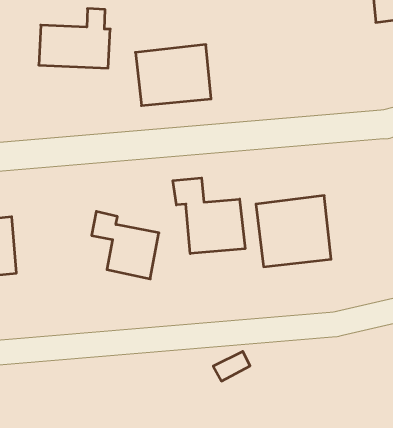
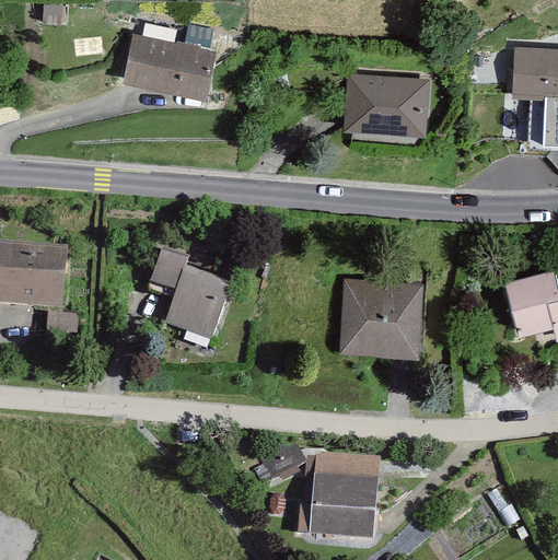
building: [135,45,211,106] -> [346,72,430,139]
building: [173,178,245,254] -> none
building: none -> [313,458,375,535]

